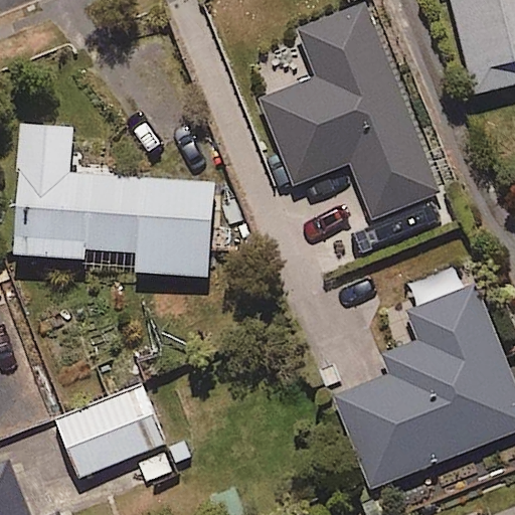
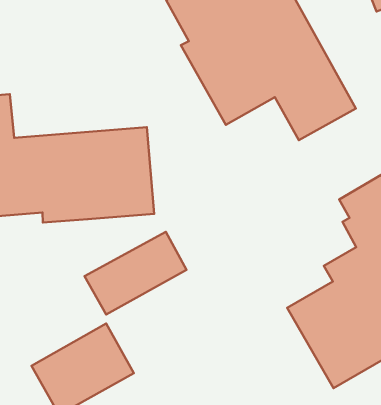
building: none -> [85,232,186,314]

